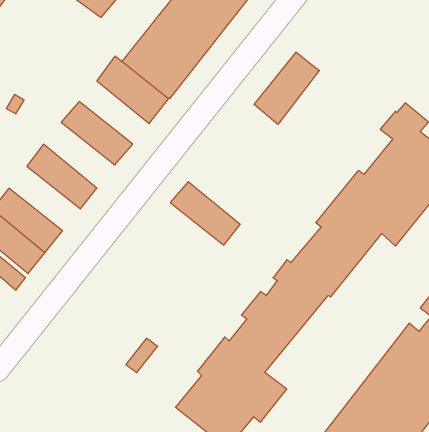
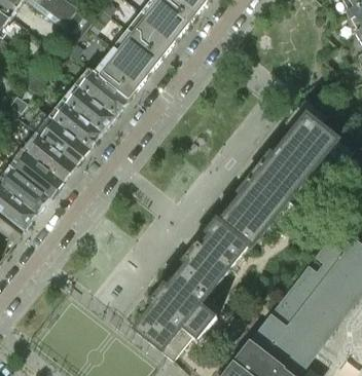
building: [254,52,319,124] -> none
building: none -> [35,115,88,164]
building: none -> [9,148,63,196]
building: [170,182,240,245] -> [62,84,114,131]

